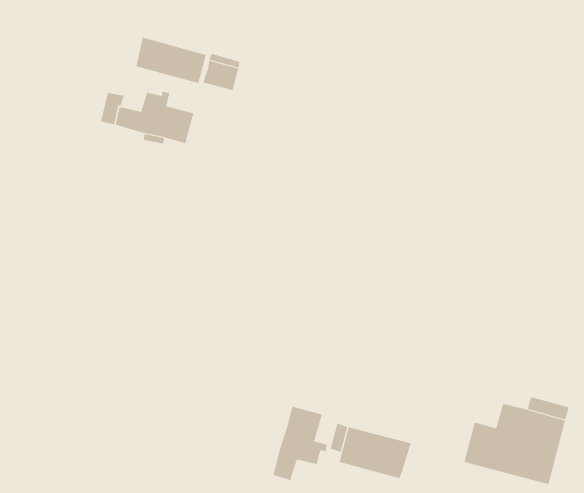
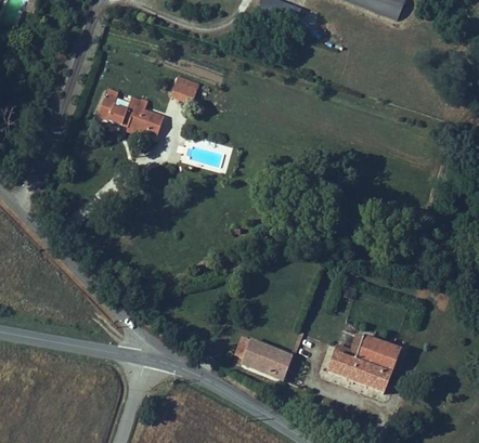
building: [136,37,207,84] -> none
building: [273,406,328,481] -> none

